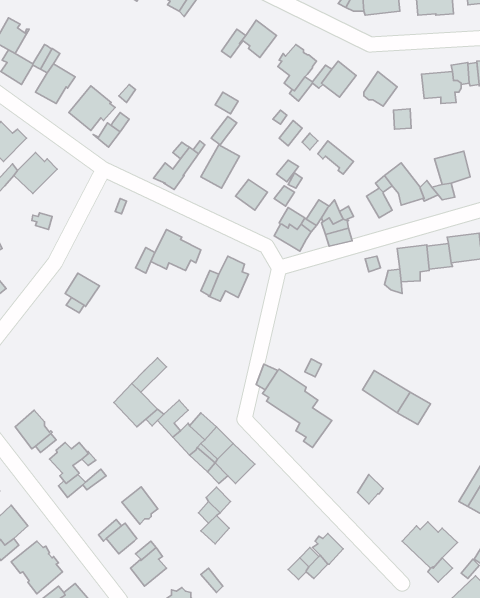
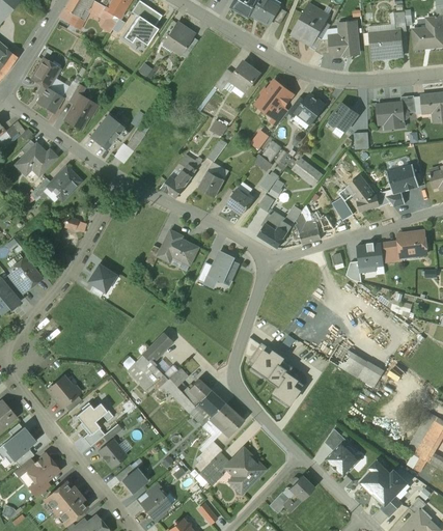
building: [122,487,158,524] -> [98,439,127,469]
building: none -> [327,444,358,475]
building: none -> [225,449,265,493]

